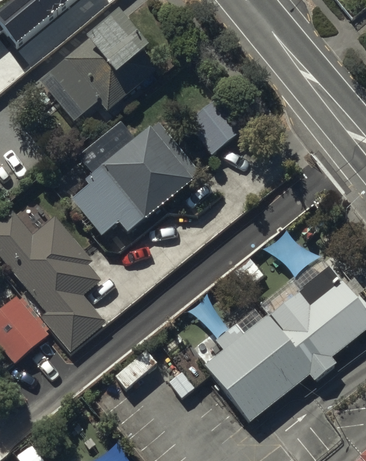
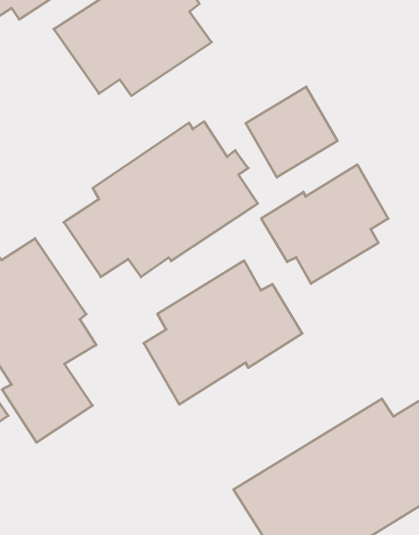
building: none -> [261,165,388,284]
building: none -> [144,261,302,404]

